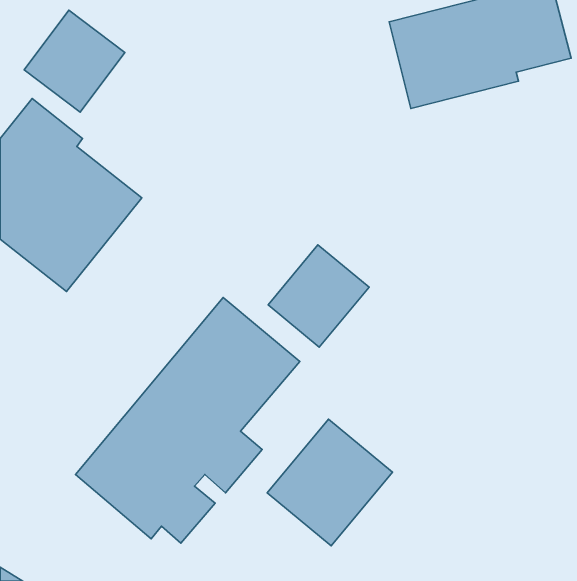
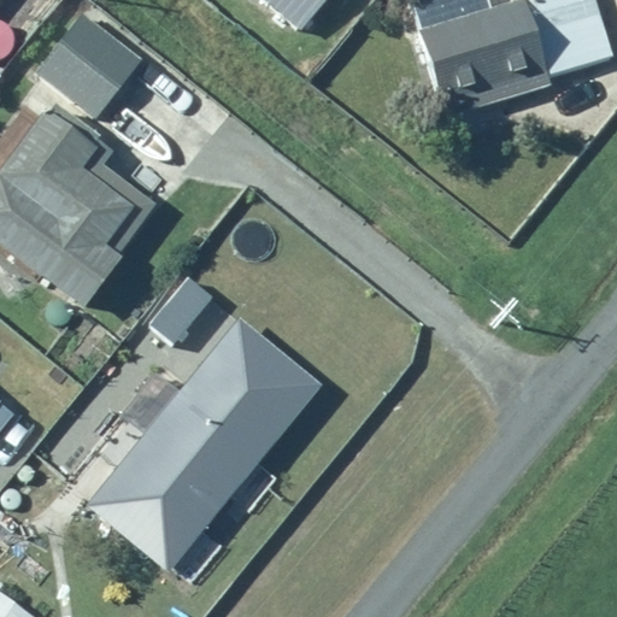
building: [268,245,369,347] -> none
building: [267,419,392,546] -> none

